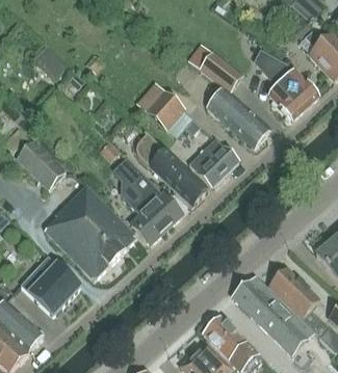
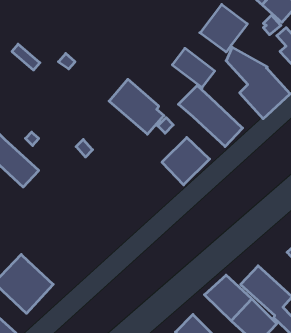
building: none -> [200,4,247,52]
building: [135,131,208,207] -> none
building: [114,159,182,244] -> none
building: [47,187,136,279] -> none

